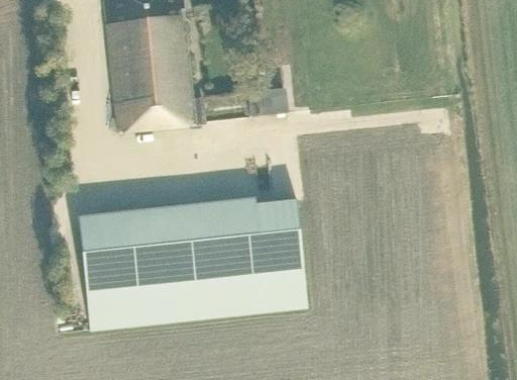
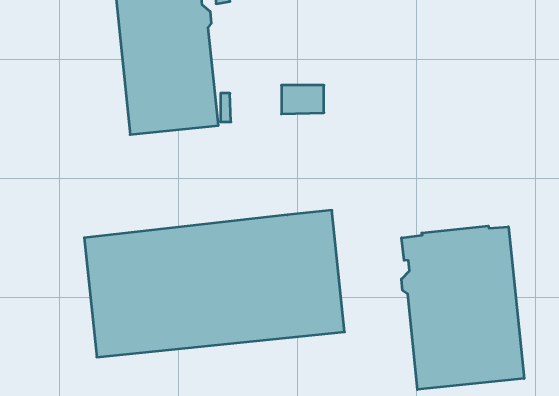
building: none -> [401,226,524,390]

